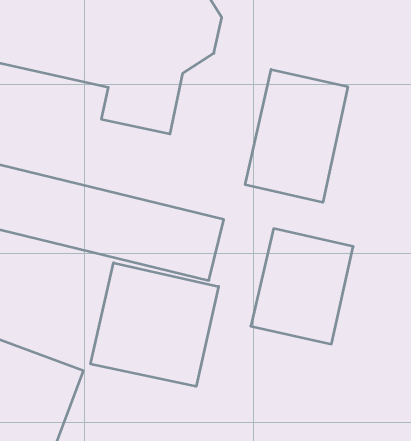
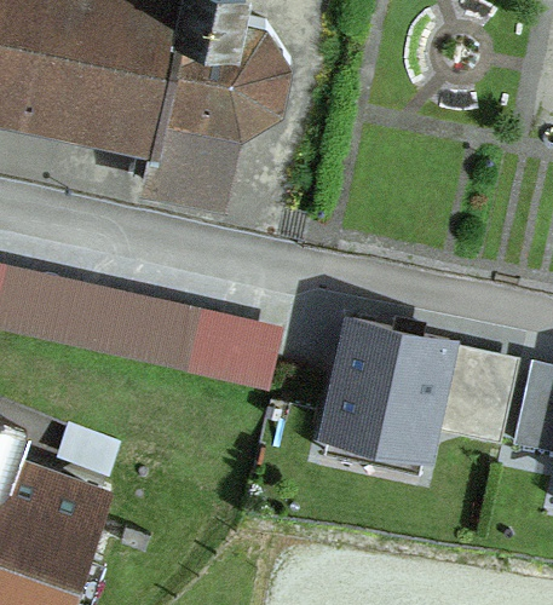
building: [245,69,348,202] -> none
building: [91,263,219,386] -> none

